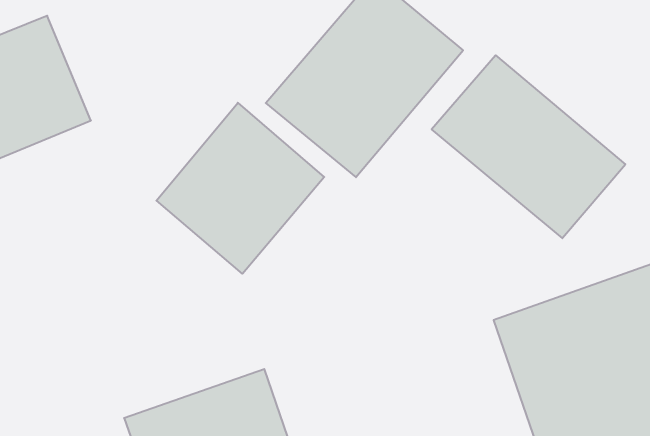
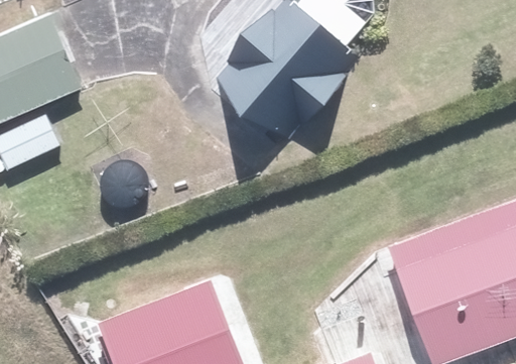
building: [432,55,625,238] -> none
building: [156,103,324,274] -> none

